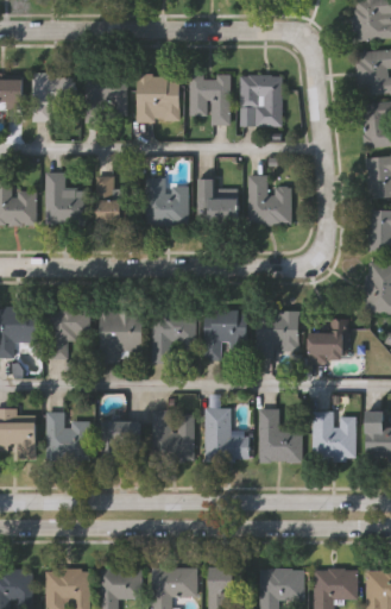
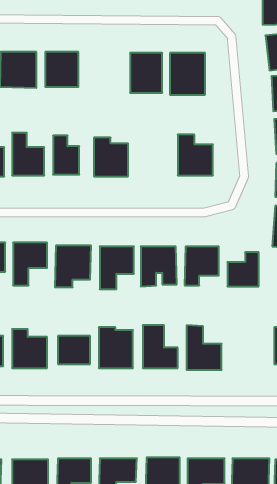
building: [137,74,179,120] -> none
building: [197,177,238,221] -> none
building: [313,410,357,459] -> none

